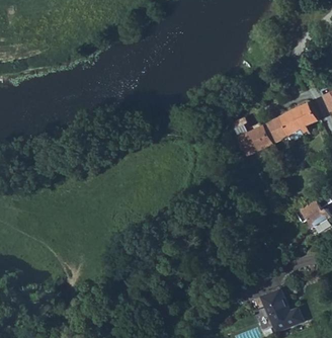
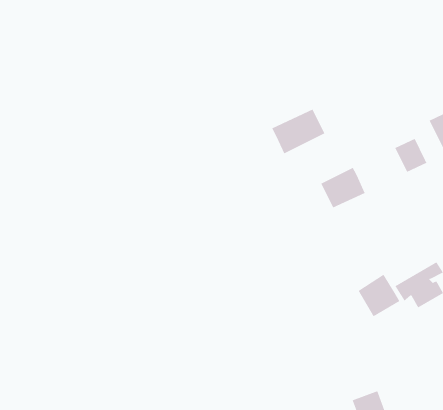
building: [262,110,302,144] -> [272,109,325,154]
building: none -> [358,274,400,317]

